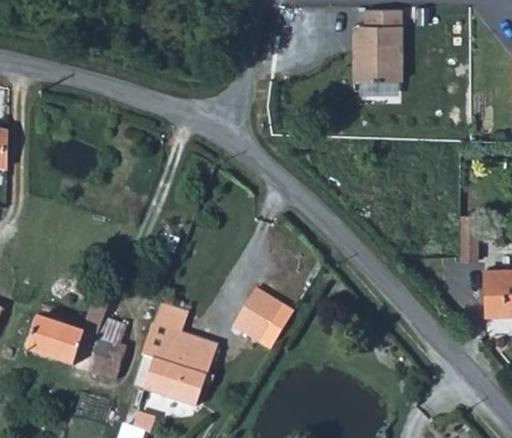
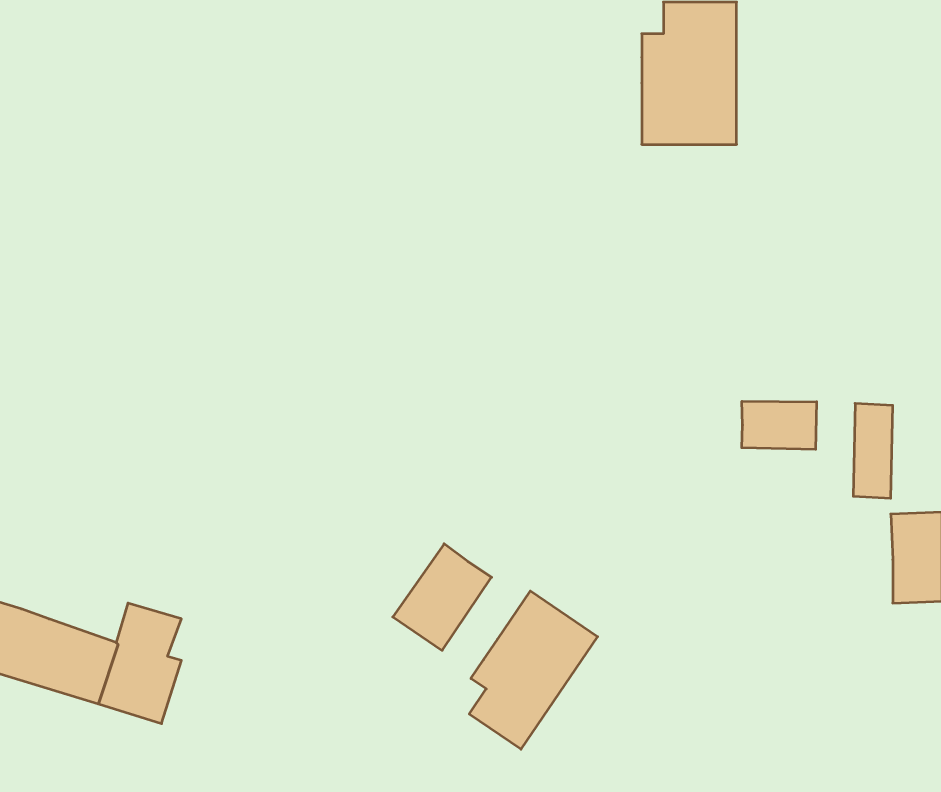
building: none -> [742,401,817,449]
building: [139,301,216,406] -> none
building: none -> [469,591,598,749]

